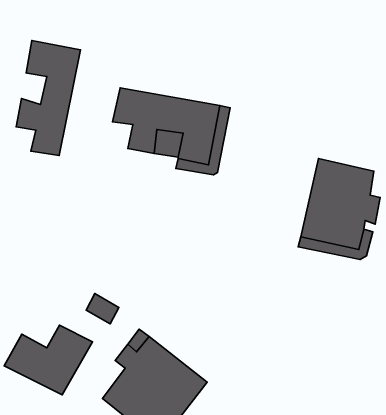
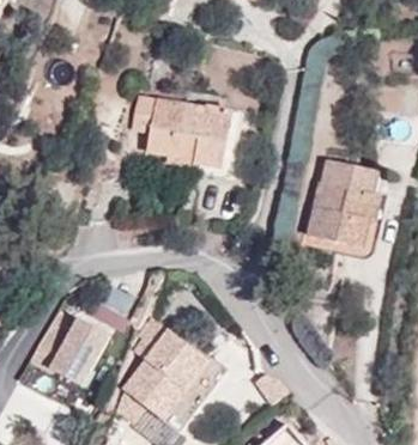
building: [16,40,80,156] -> none

